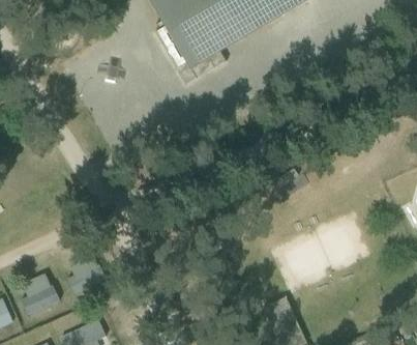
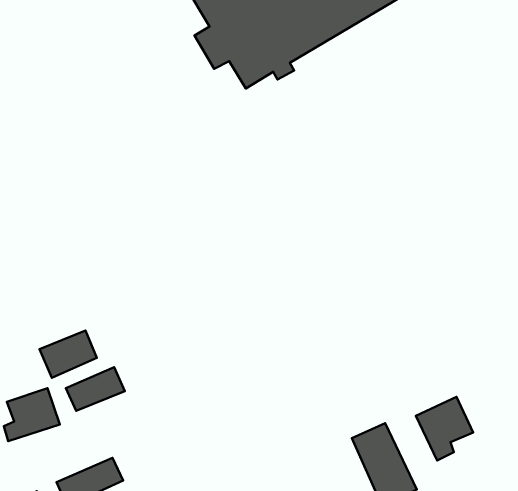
building: none -> [39,330,97,378]
building: none -> [416,397,473,461]

